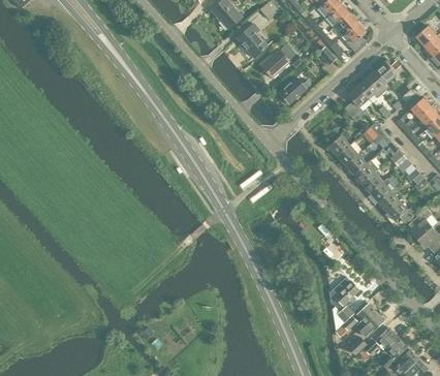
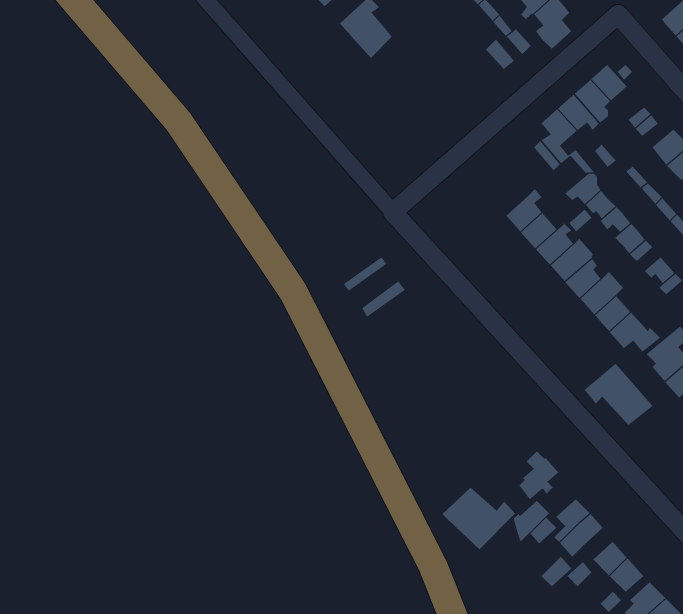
building: [259,44,295,79] -> none
building: [277,77,310,105] -> none
building: none -> [584,363,654,426]
building: none -> [441,487,516,550]

